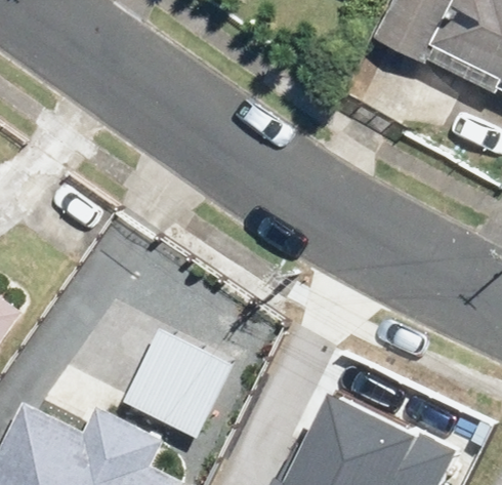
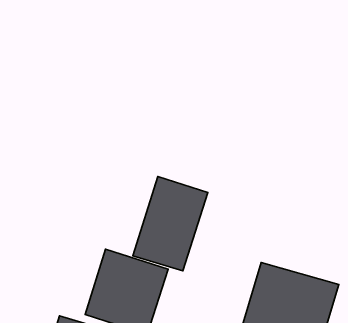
building: none -> [133,177,208,271]

